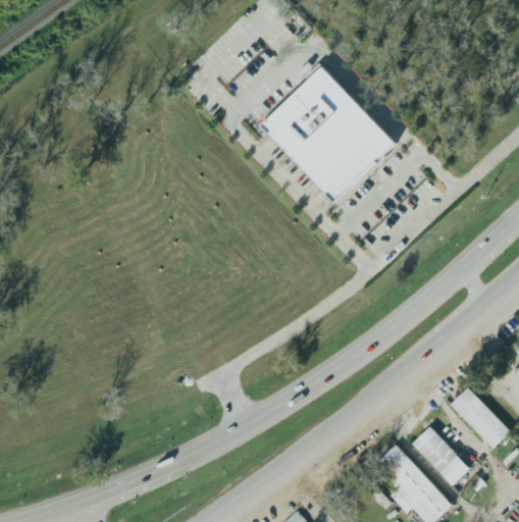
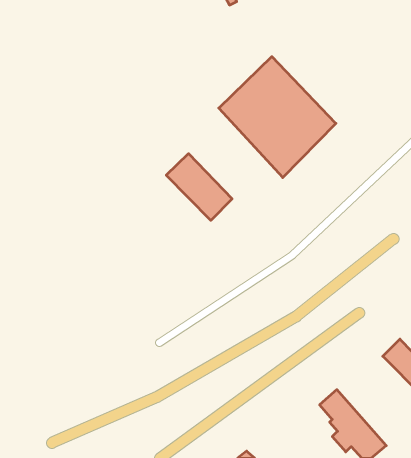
building: none -> [166,154,232,220]
building: [410,425,471,485] -> none

